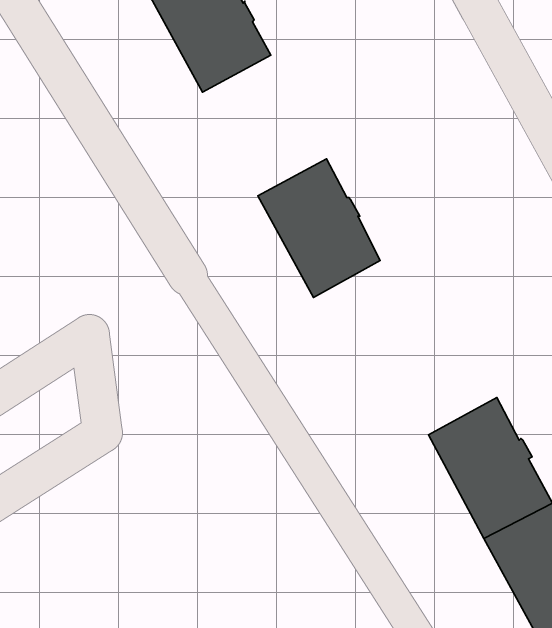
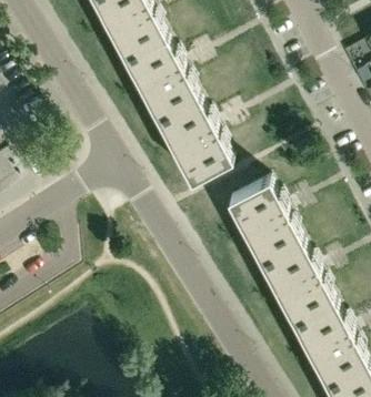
building: none -> [124,35,199,120]
building: none -> [228,180,301,263]

